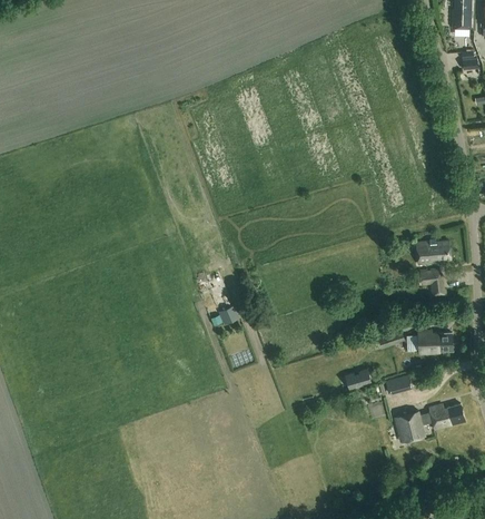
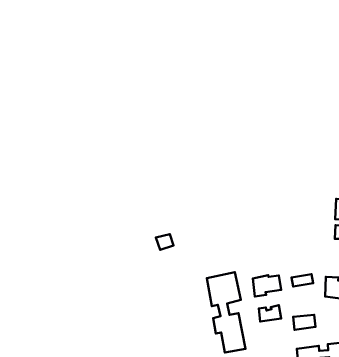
building: none -> [253,275,281,296]
building: none -> [207,272,245,353]

